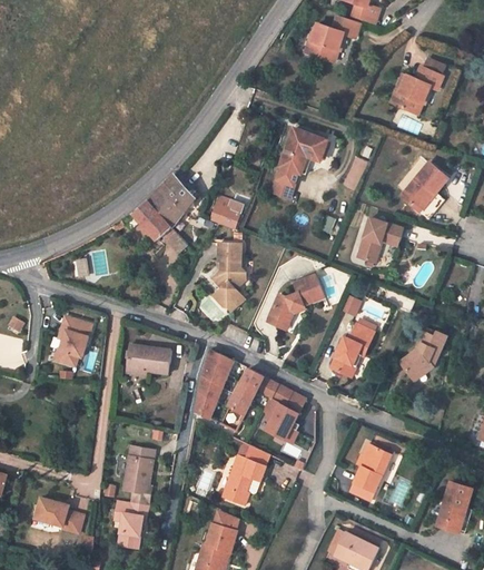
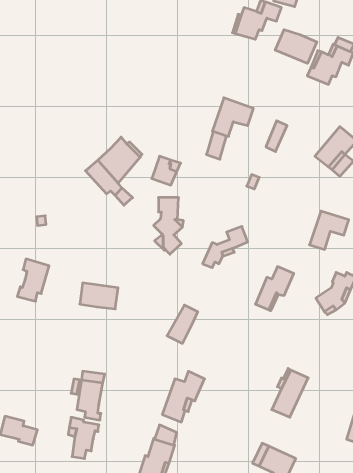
building: none -> [275,30,317,63]
building: [356,218,402,263] -> [309,211,349,249]
building: [195,350,233,419] -> none
building: [256,376,305,442] -> none

